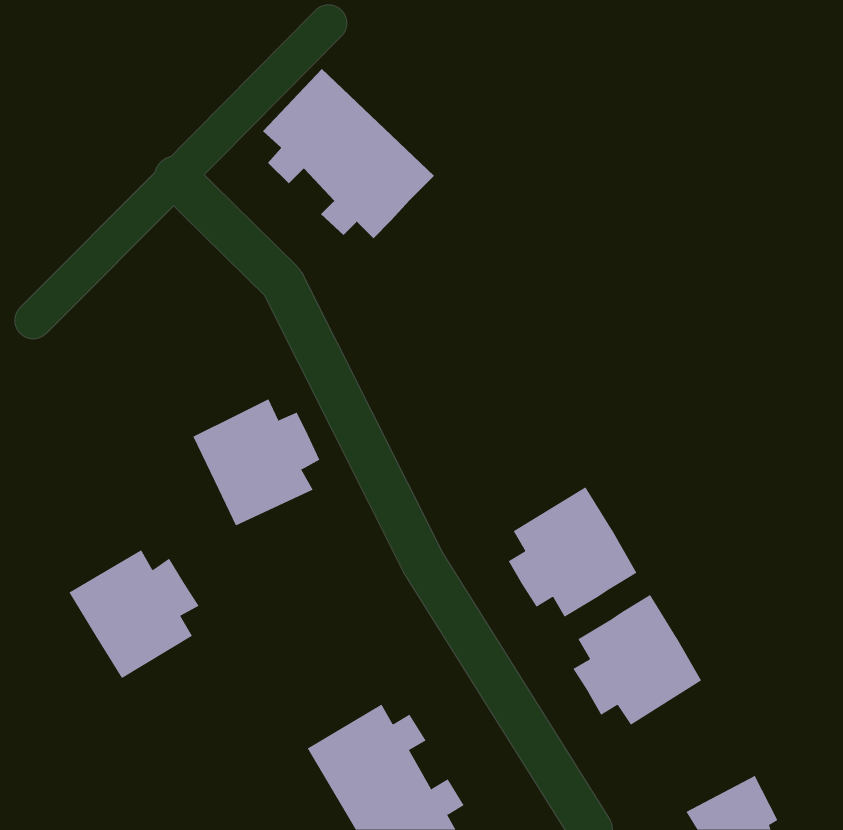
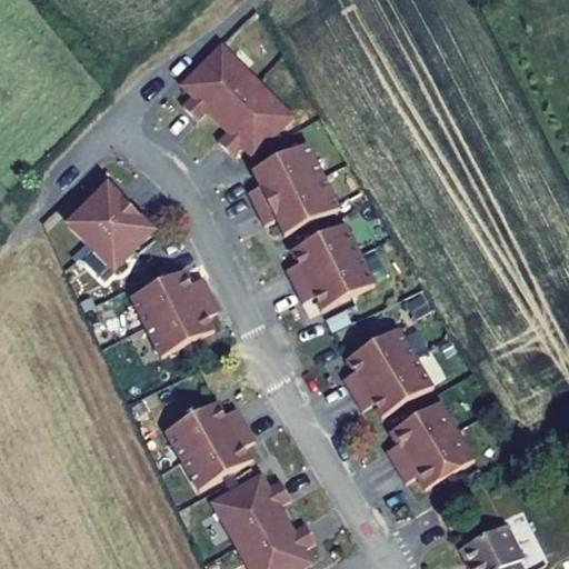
building: none -> [248,147,333,232]
building: none -> [67,180,153,267]
building: none -> [286,221,372,308]
building: [68,549,199,679] -> [166,400,253,487]

